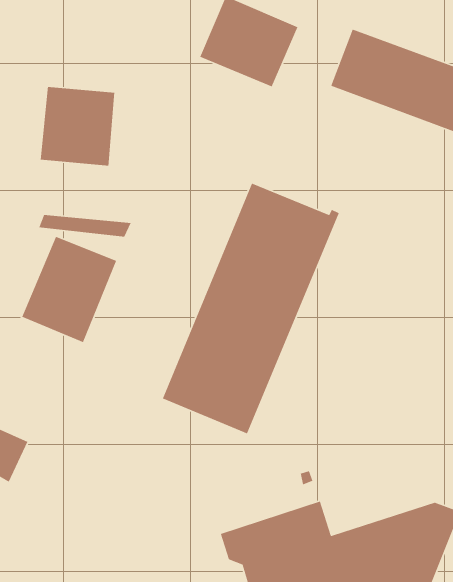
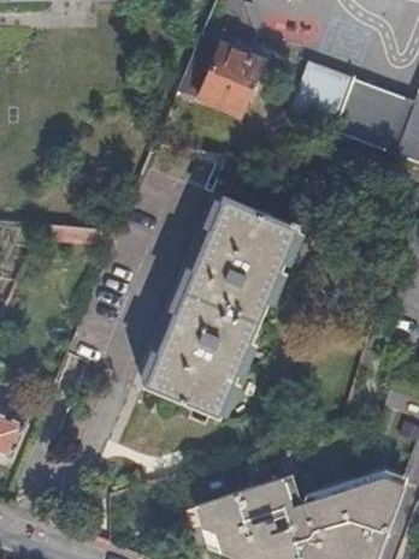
building: [40,86,115,167] -> none
building: [21,236,117,343] -> none

